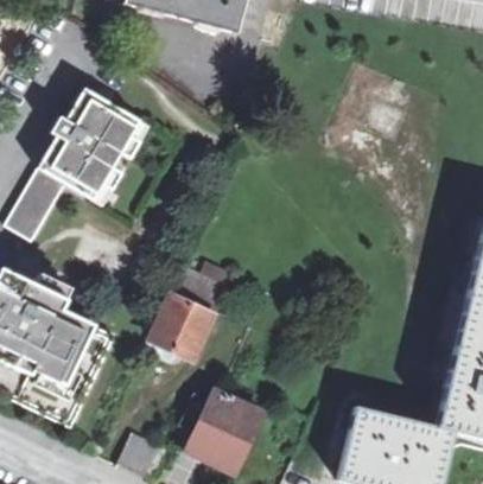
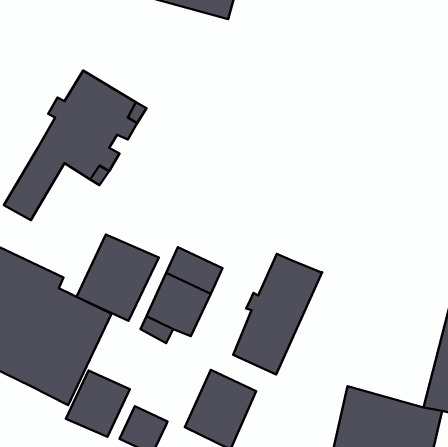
building: none -> [77,234,159,321]
building: none -> [233,254,322,374]
building: none -> [66,370,130,437]

